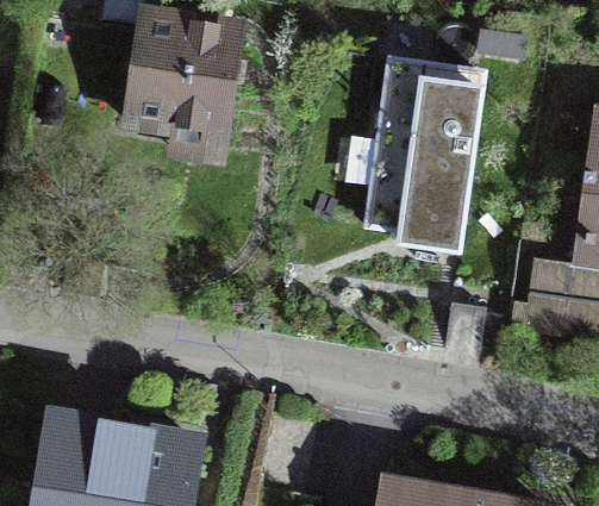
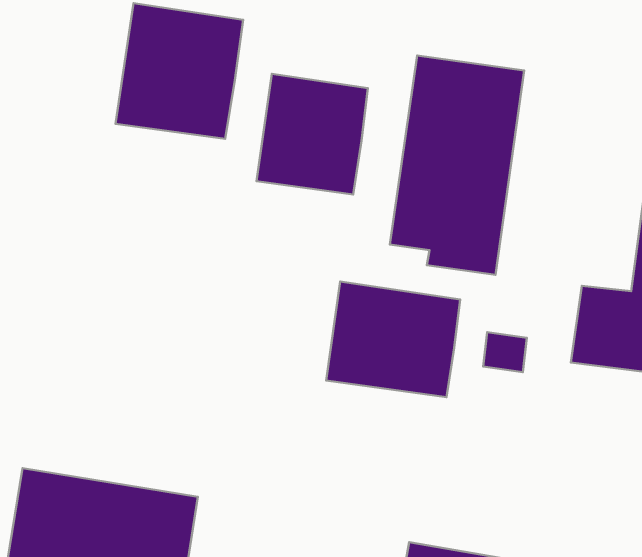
building: none -> [257,74,368,194]
building: none -> [326,282,460,397]

